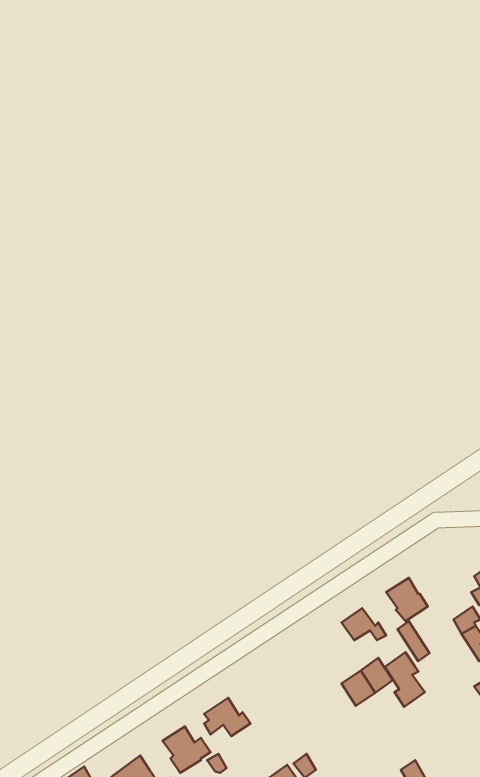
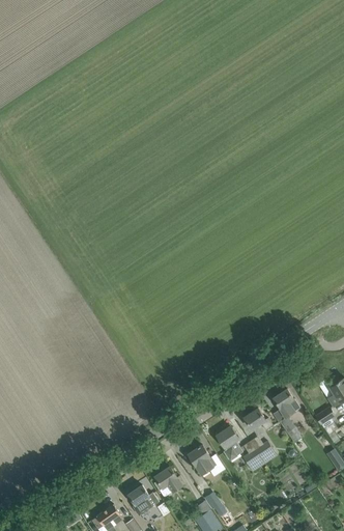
building: [385,652,425,707] -> [217,426,242,462]
building: none -> [188,445,216,475]

